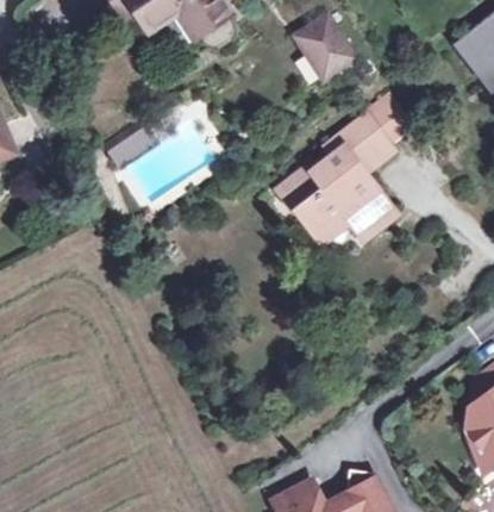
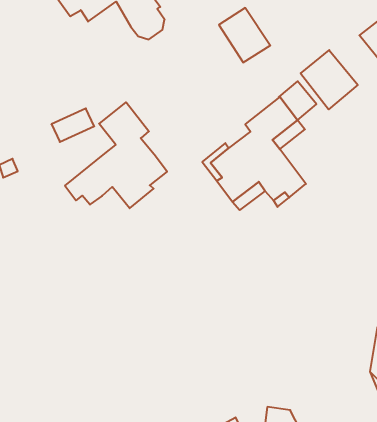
building: none -> [301,50,358,109]
building: none -> [65,102,167,208]

